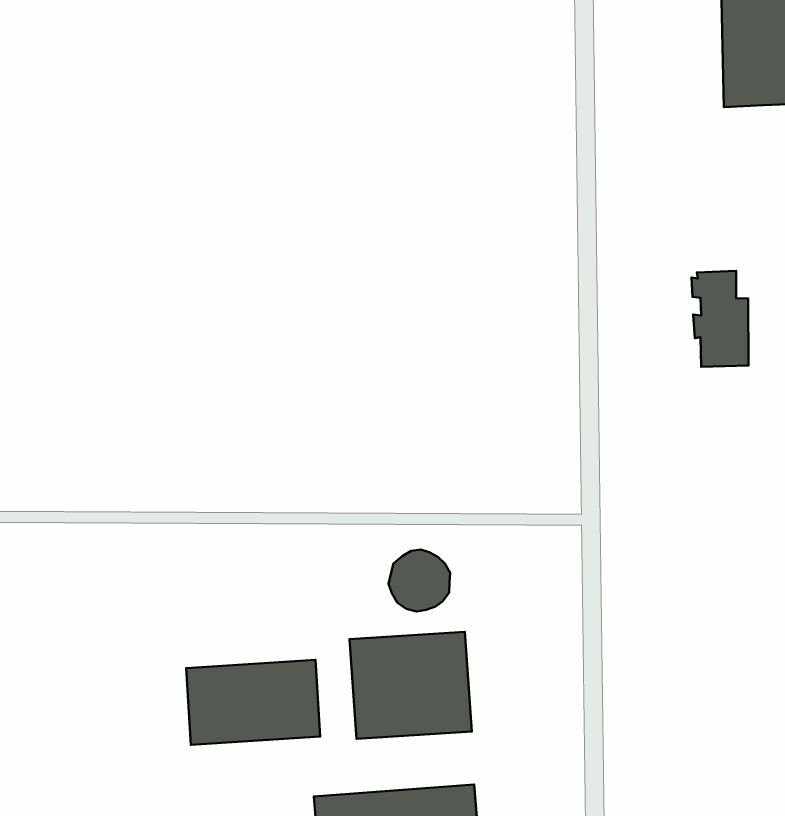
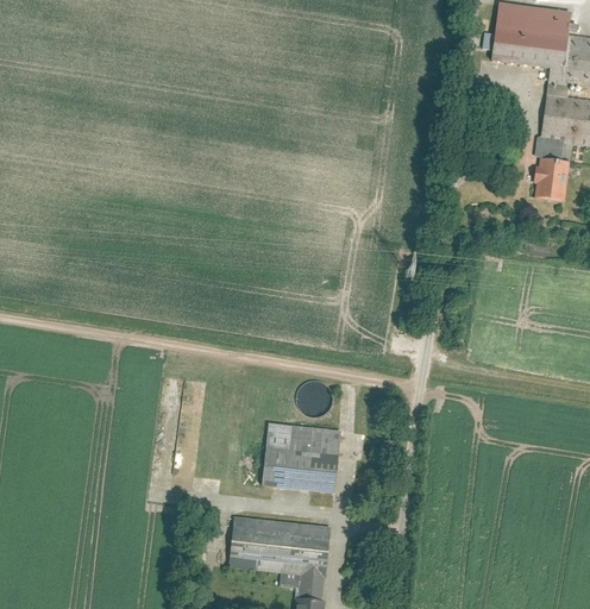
building: [692,271,748,367] -> [534,139,570,200]
building: [186,660,320,745] -> none

